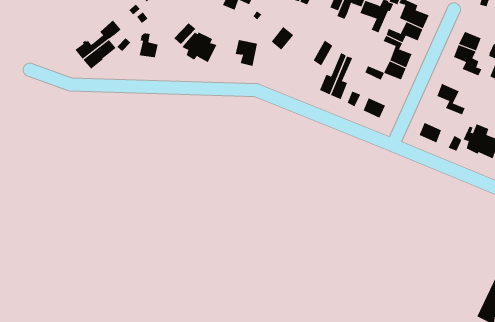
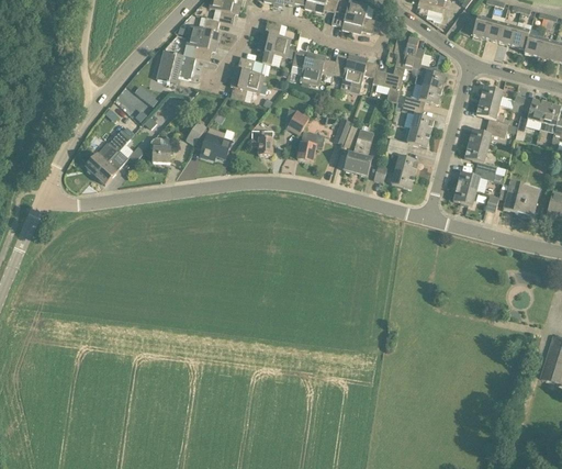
building: none -> [296,130,324,161]
building: none -> [468,125,505,148]
building: none -> [385,144,417,175]
building: none -> [456,168,494,191]

